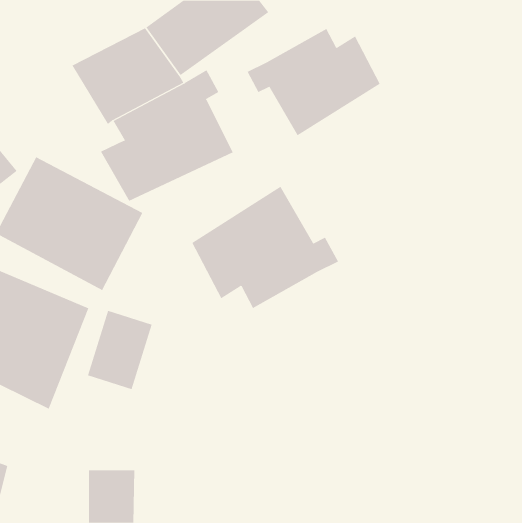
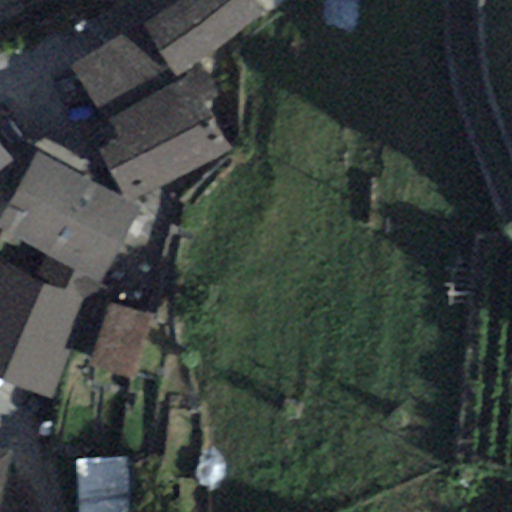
building: [247,28,380,136] -> none
building: [192,186,339,309] -> none

